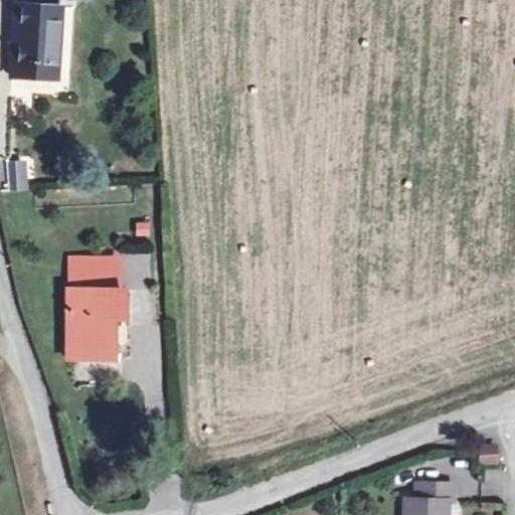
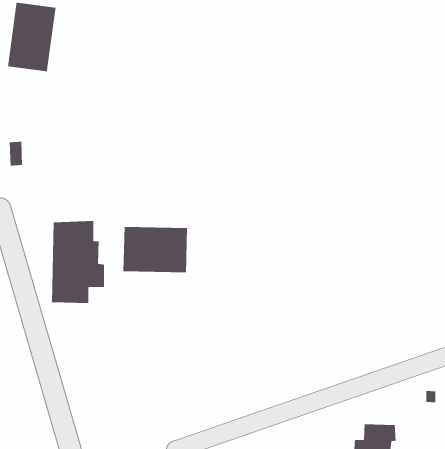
building: none -> [123,226,188,273]

